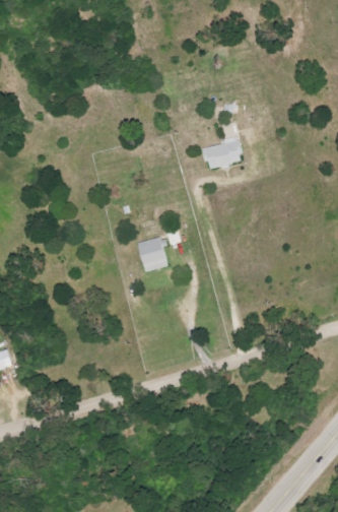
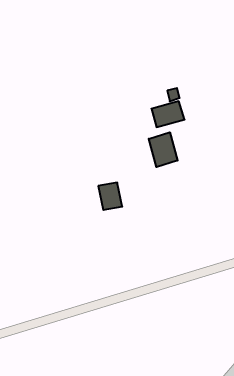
building: none -> [149,132,178,167]

